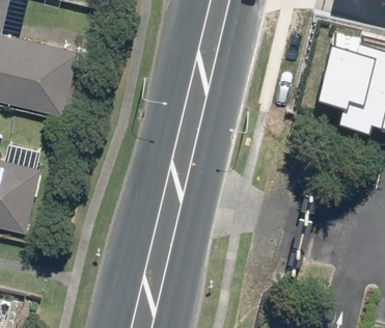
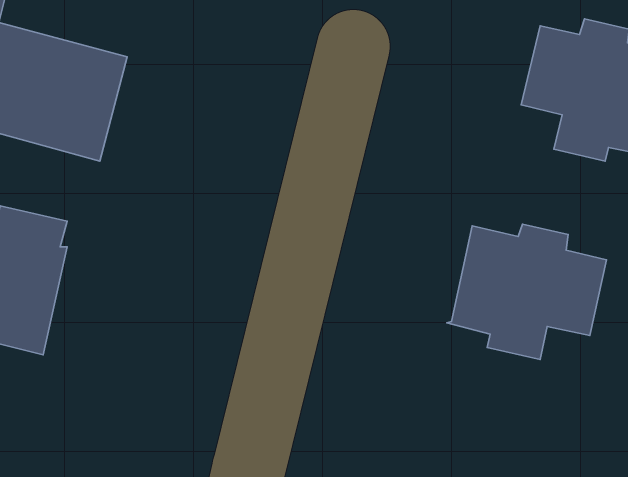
building: none -> [447,224,606,360]

